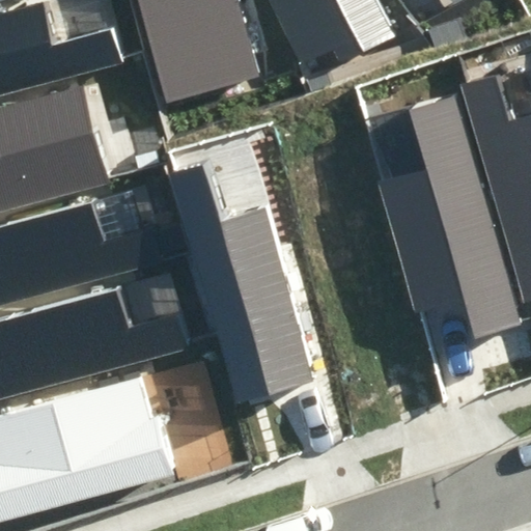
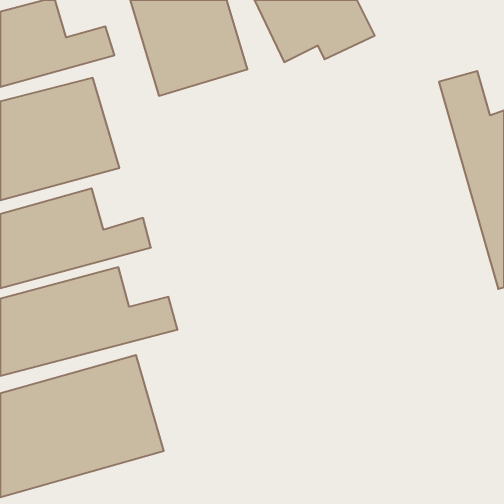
building: [379,93,523,339] -> none
building: [168,160,312,398] -> none

